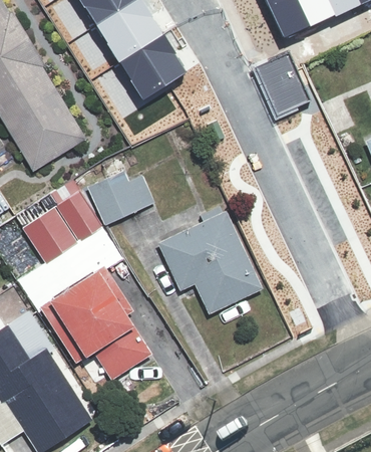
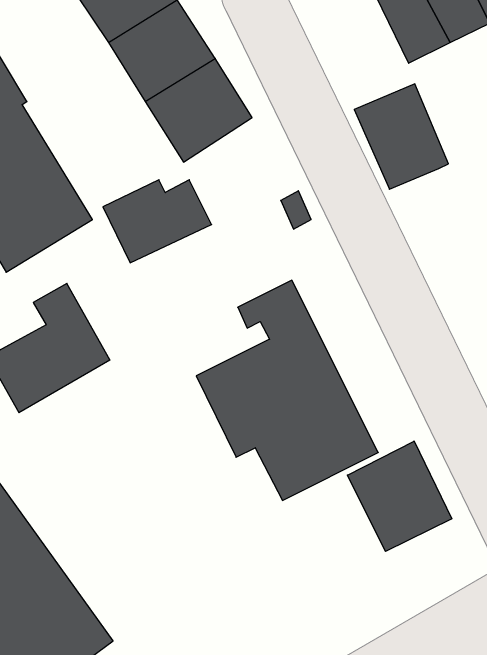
building: [87,177,155,229] -> [103,180,212,263]
building: [44,261,149,377] -> none
building: none -> [347,441,452,551]

